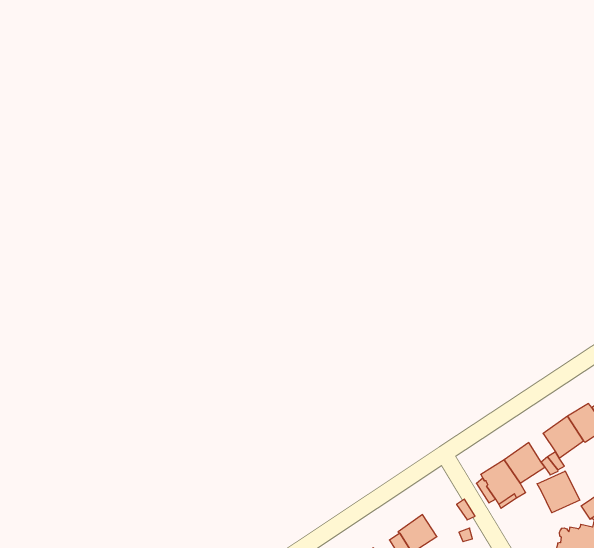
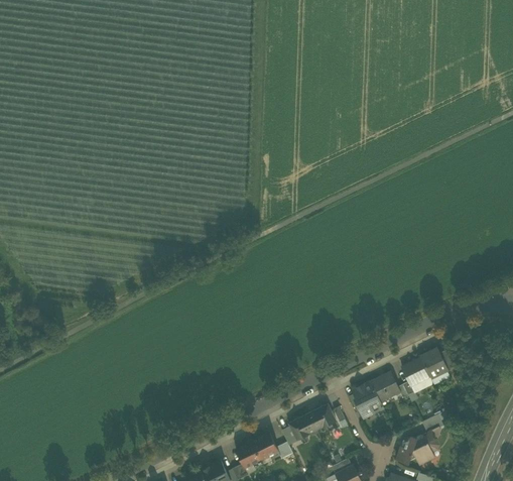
building: [537,471,580,513] -> none
building: none -> [307,405,336,432]

